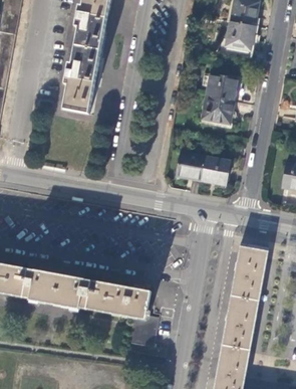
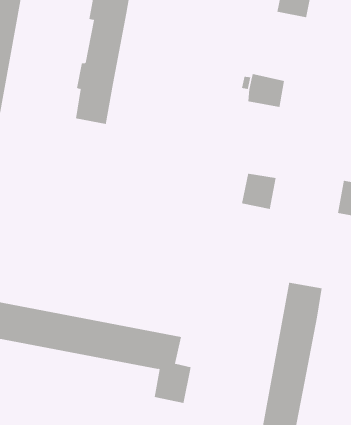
building: [219,21,255,58] -> none
building: [202,95,233,123] -> none
building: [176,150,206,180] -> none

